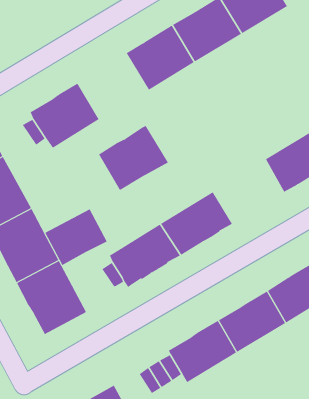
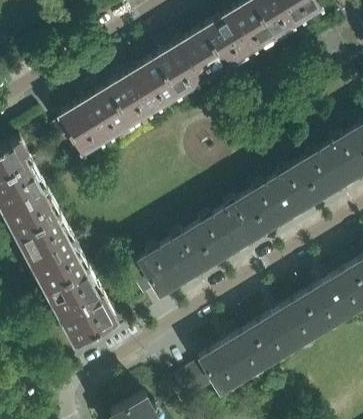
building: [98,125,169,191] -> [107,57,179,124]
building: none -> [245,165,317,231]
building: [45,209,107,266] -> none

